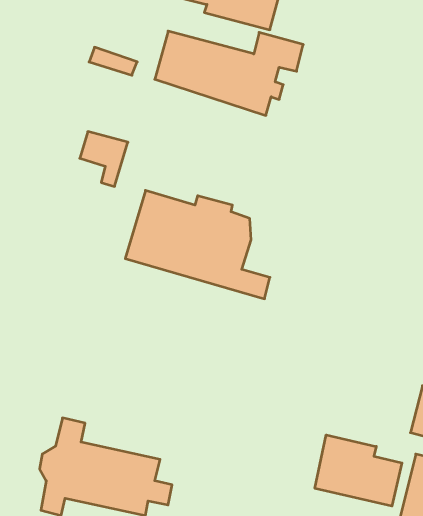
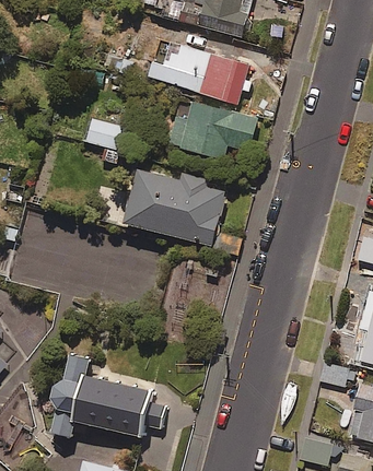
building: none -> [166,102,256,158]
building: [315,435,402,506] -> none

